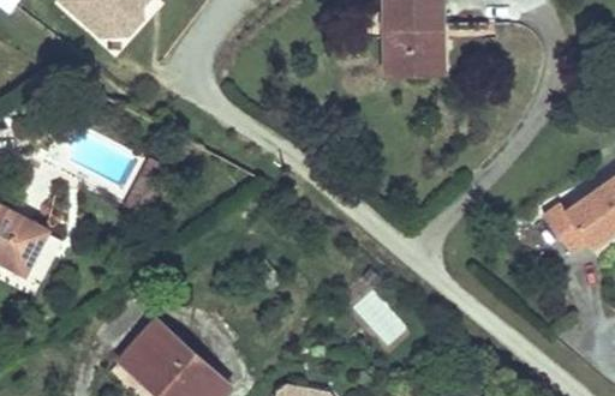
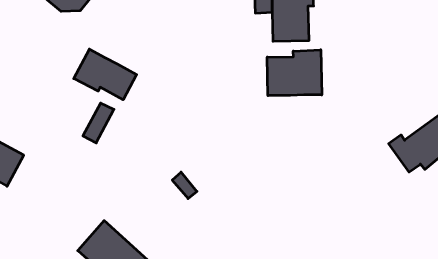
building: none -> [74,49,137,100]
building: none -> [267,50,322,96]

